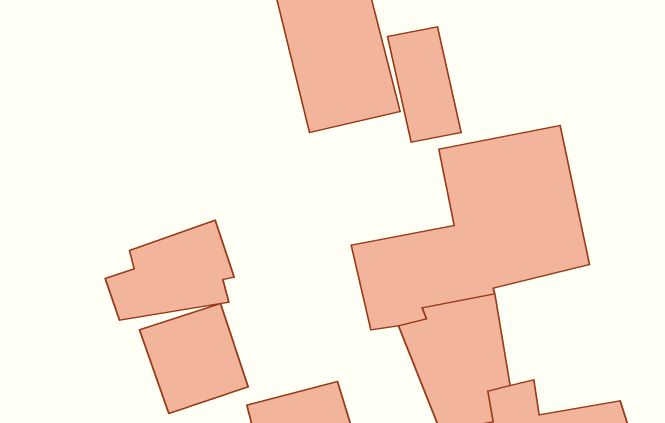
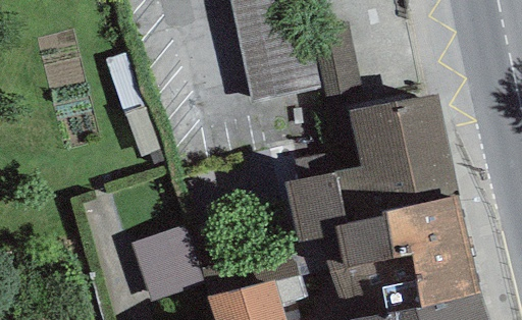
building: [105,220,234,320] -> none
building: none -> [388,197,481,307]

